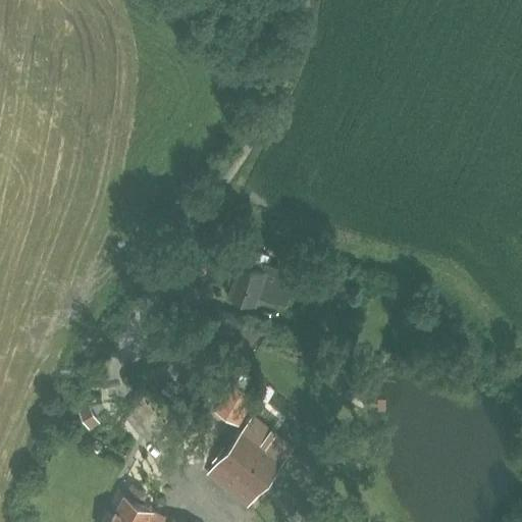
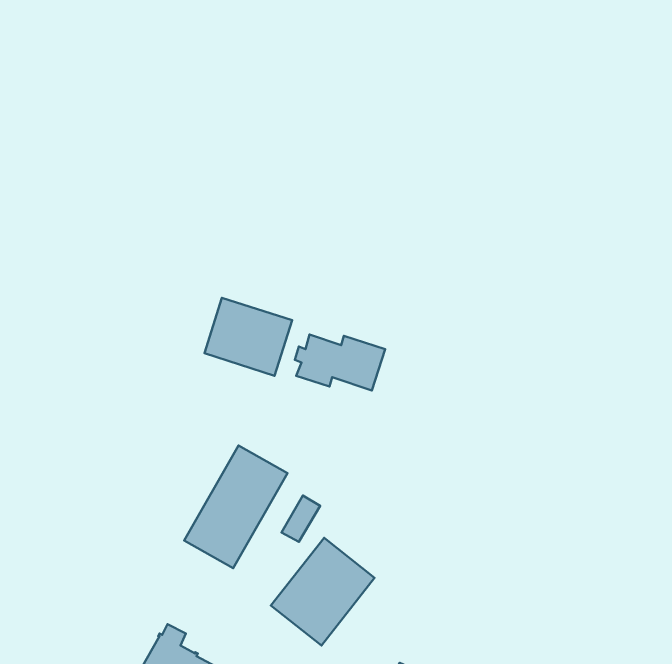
building: none -> [204,298,292,376]
building: none -> [184,445,287,568]

